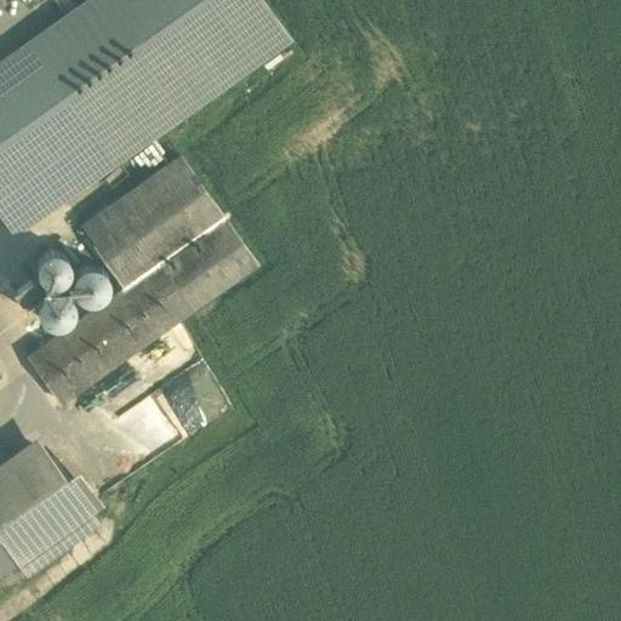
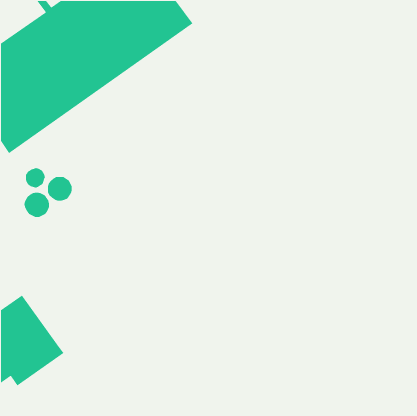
building: [27,156,257,403] -> none

